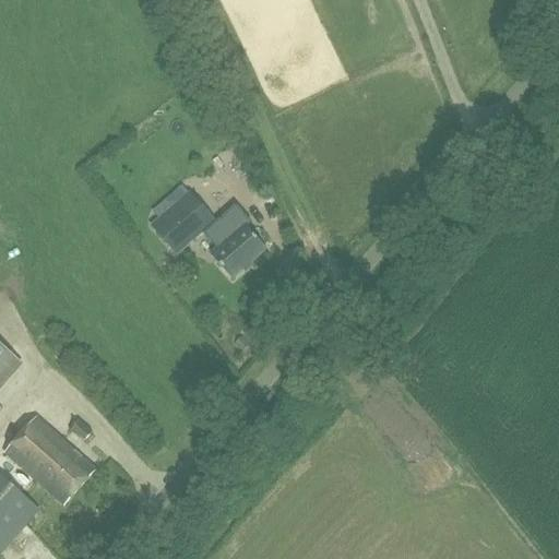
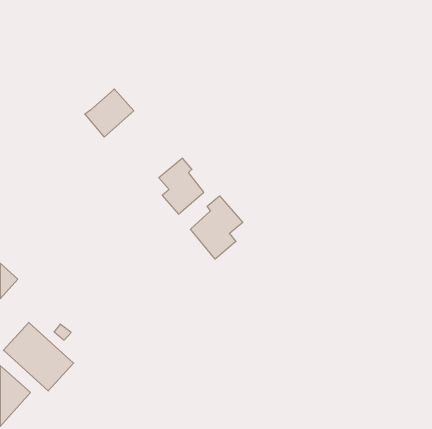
building: [152,188,215,250] -> [85,89,134,137]
building: none -> [190,196,243,259]

